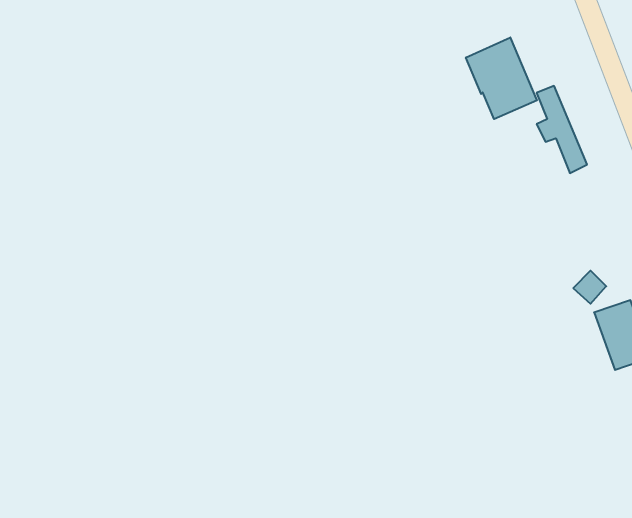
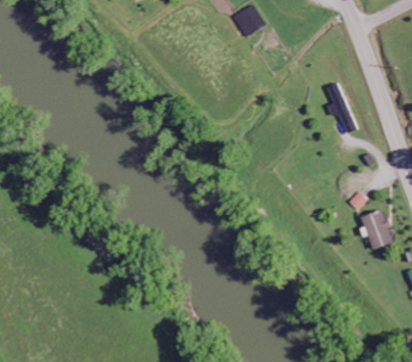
building: [466,37,537,119] -> none

